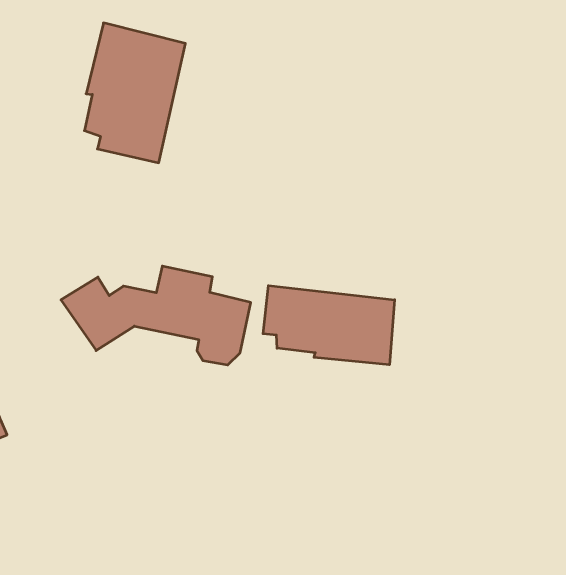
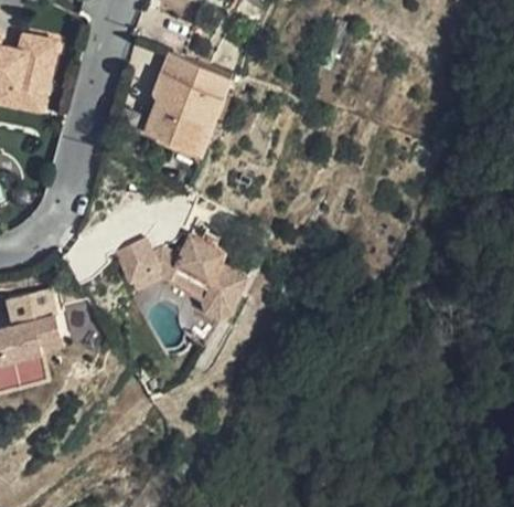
building: [263,286,395,365] -> none

